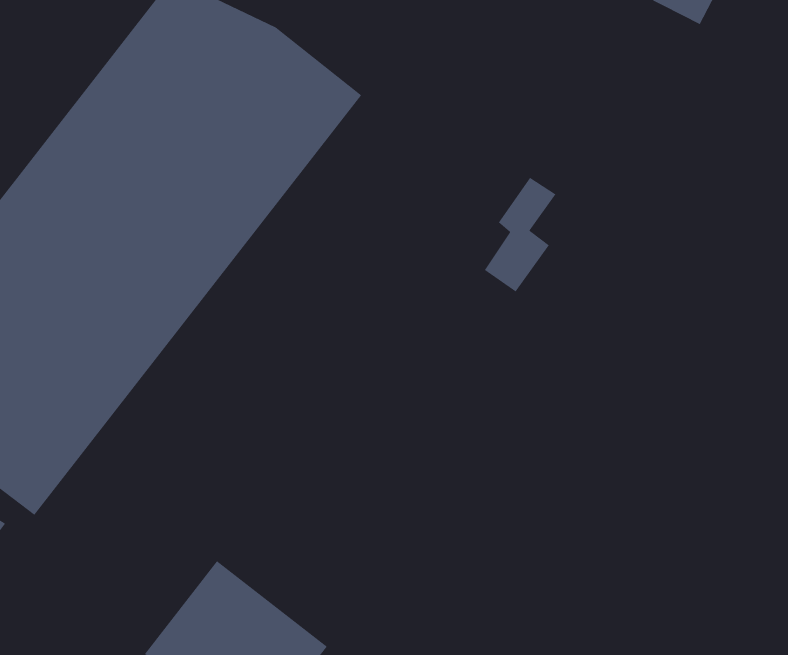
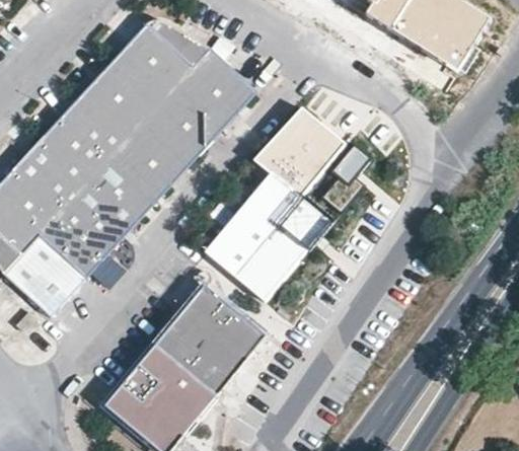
building: none -> [200,101,344,301]
building: none -> [154,288,268,400]

